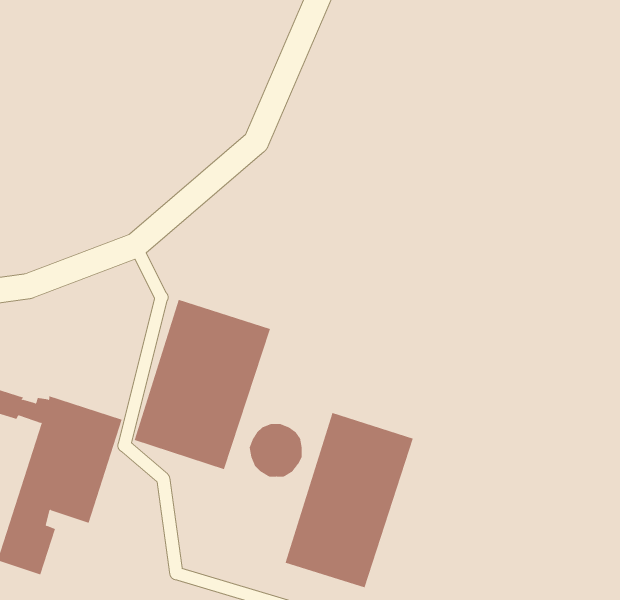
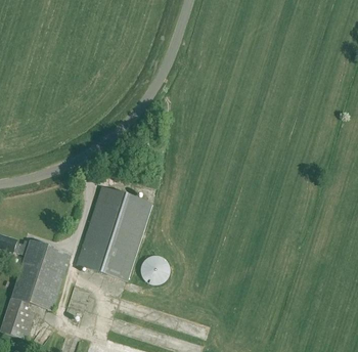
building: [285,412,414,588] -> none

